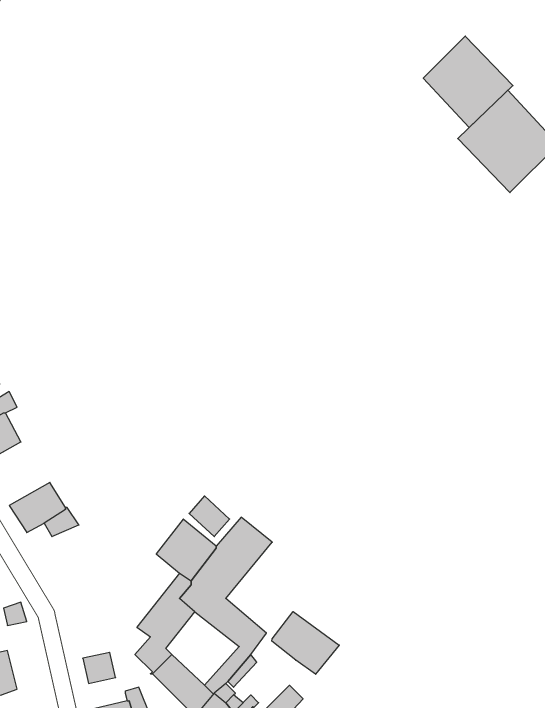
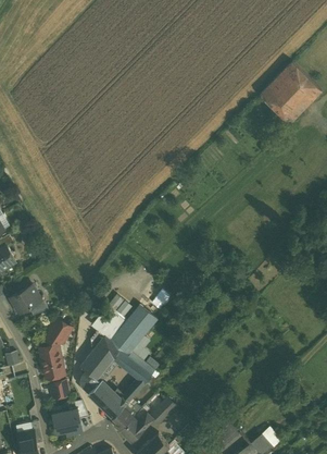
building: [423,36,513,127] -> none
building: none -> [41,319,72,378]
building: [272,612,339,674] -> none

